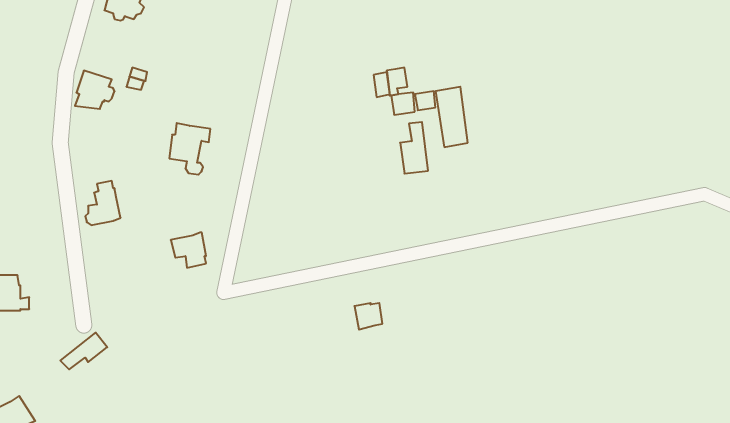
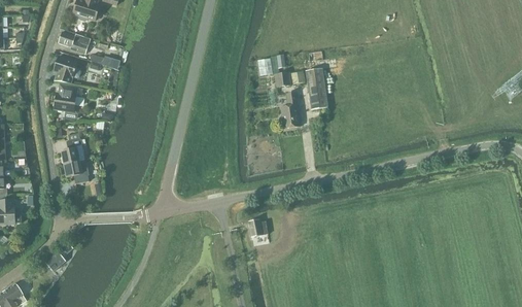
building: none -> [58,31,90,54]
building: [169,123,210,175] -> [54,83,82,120]
building: [171,232,206,268] -> [64,159,89,183]

